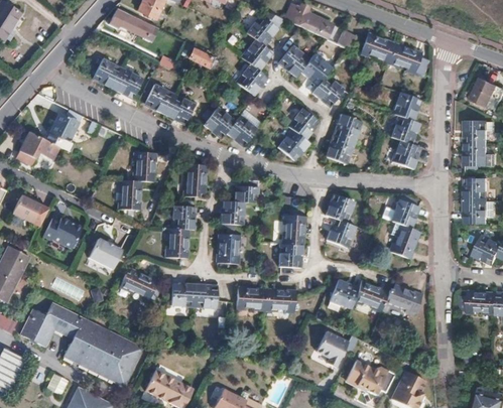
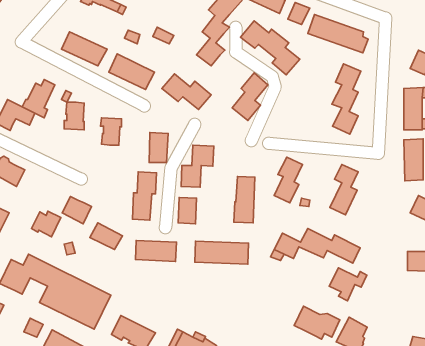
building: [323,115,360,164] -> none
building: [119,180,141,211] -> [64,102,84,130]
building: [42,218,75,246] -> [32,211,61,237]
building: [316,329,357,366] -> [329,268,367,301]

